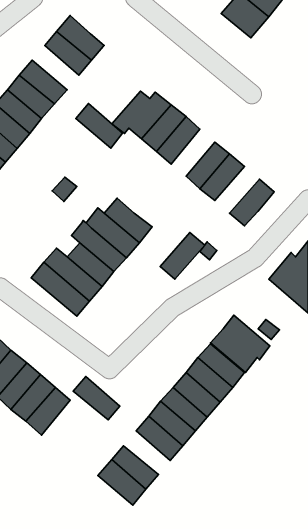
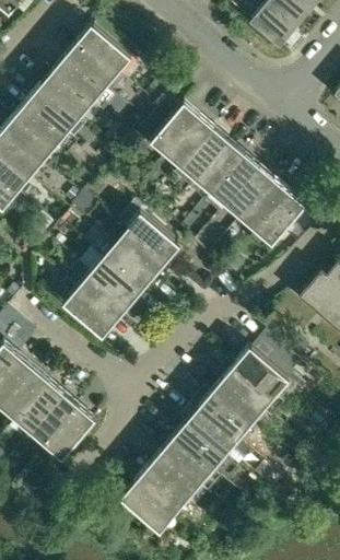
building: [76,104,122,148] -> [55,57,103,103]
building: none -> [198,143,243,191]
building: [160,232,205,279] -> [243,182,289,230]
building: [73,376,120,420] -> [149,454,197,499]

